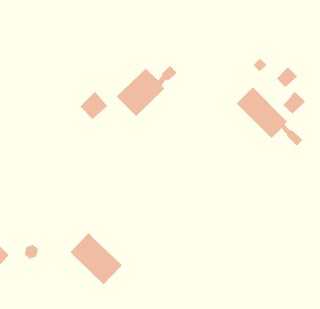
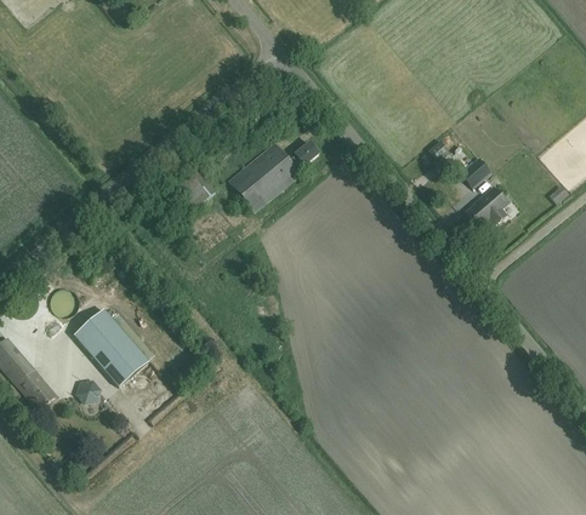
building: [236,87,303,147] -> none
building: [69,232,122,285] -> [74,309,148,387]

